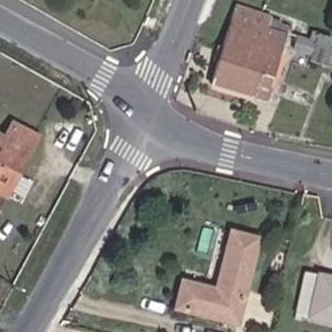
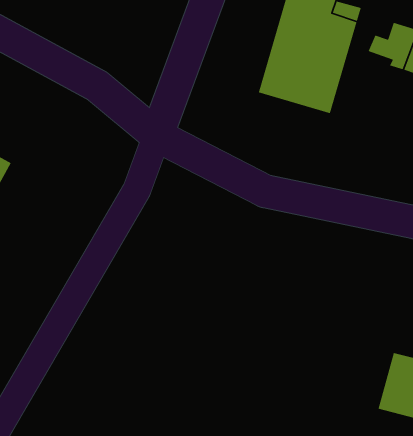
building: [179,224,263,316] -> none

